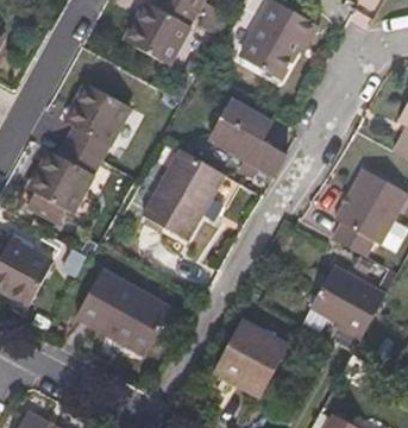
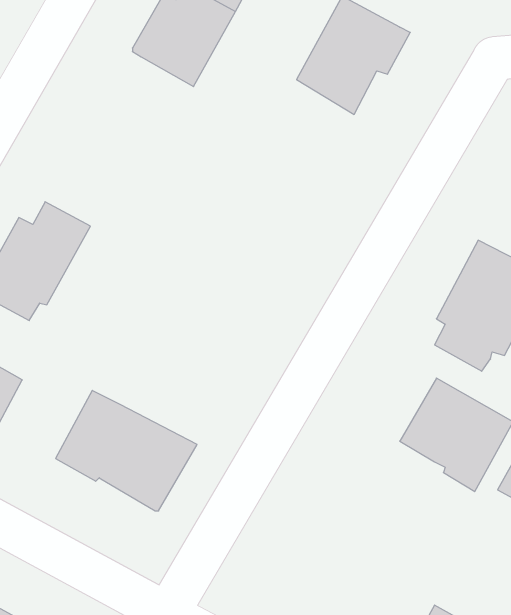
building: [67,83,128,158] -> none
building: [211,103,287,174] -> none
building: [142,150,222,240] -> none
building: [216,320,285,392] -> none

